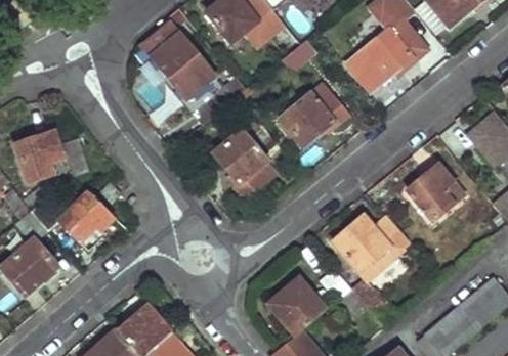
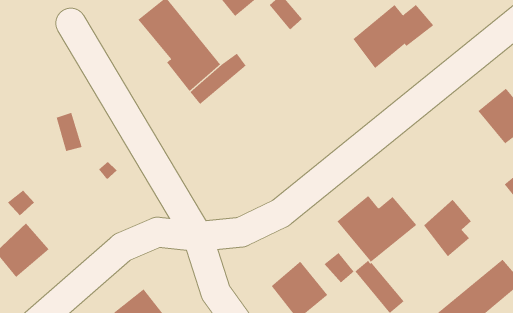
building: [281,84,349,148] -> none
building: [209,129,276,201] -> none
building: [16,132,65,178] -> none
building: [407,161,454,217] -> [423,199,472,257]
building: [59,190,114,243] -> none

